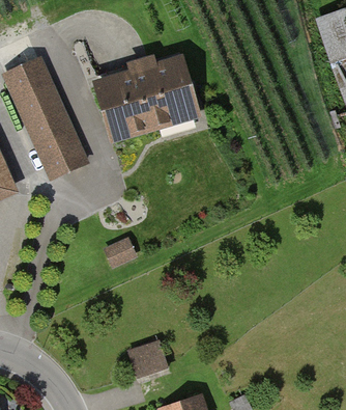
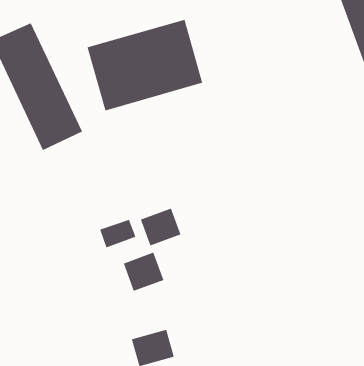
building: none -> [140,208,181,246]
building: none -> [123,252,164,292]

